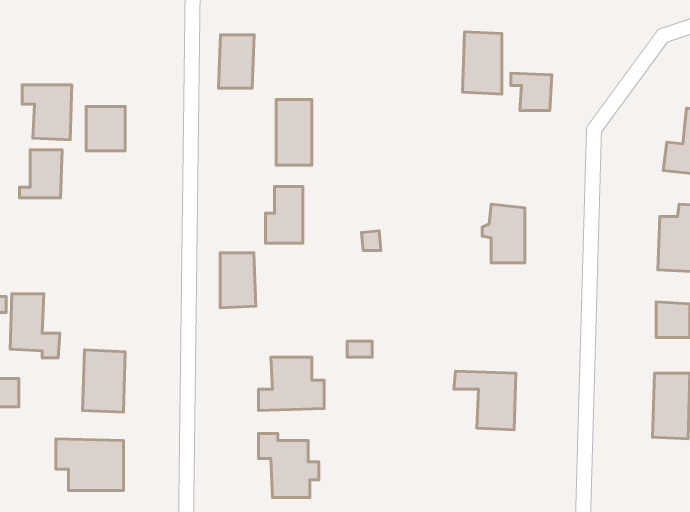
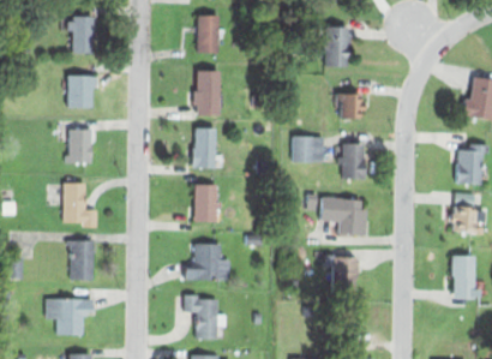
building: [219,35,254,88] -> [197,16,221,52]
building: [511,73,552,110] -> [335,91,362,116]
building: [22,85,72,140] -> [64,19,97,56]
building: [20,150,62,198] -> [62,130,91,162]
building: none -> [292,139,323,163]
building: [220,253,256,308] -> [193,186,217,223]
building: none -> [304,195,370,237]
building: [10,294,60,358] -> [62,184,96,227]

